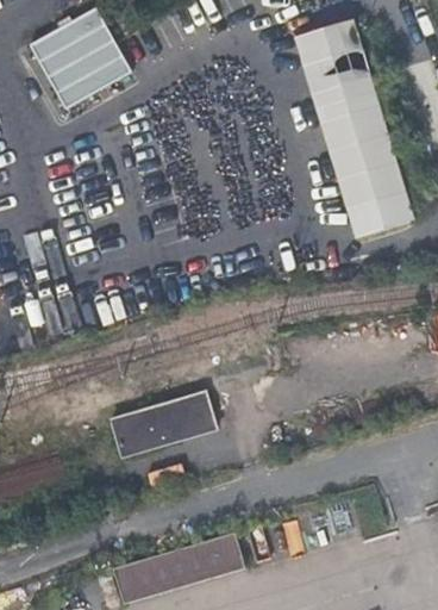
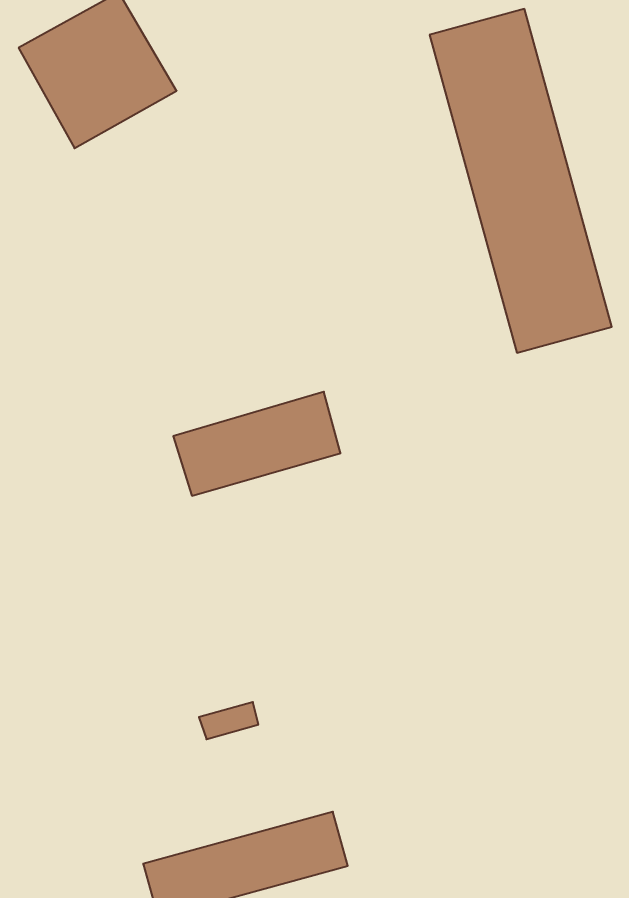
building: [113,387,220,454] -> [173,392,341,496]

